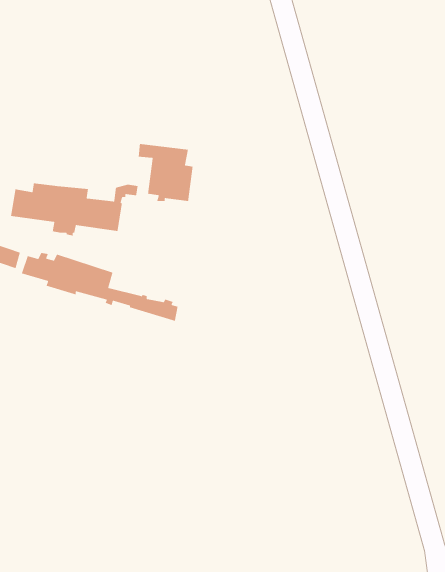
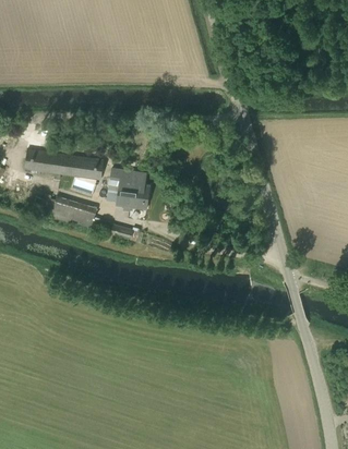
building: [138,143,193,202] -> [110,169,149,210]

